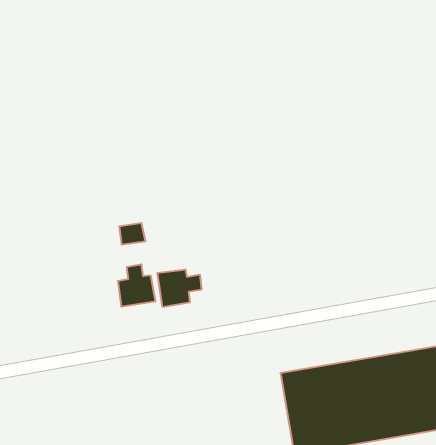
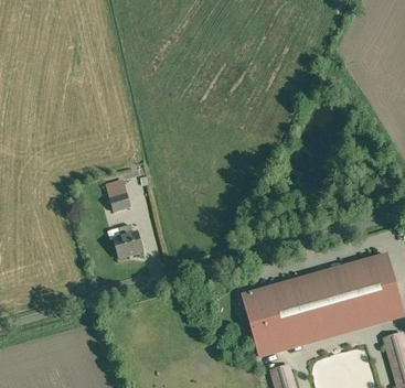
building: [157,269,202,307] -> none

